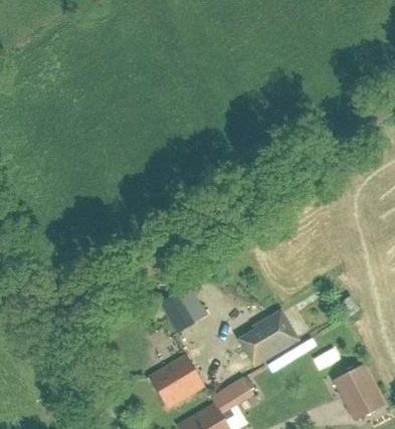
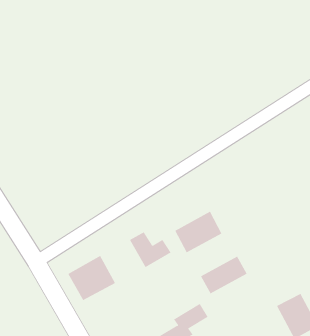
building: none -> [174,211,222,253]
building: [149,353,206,407] -> [68,255,116,301]

